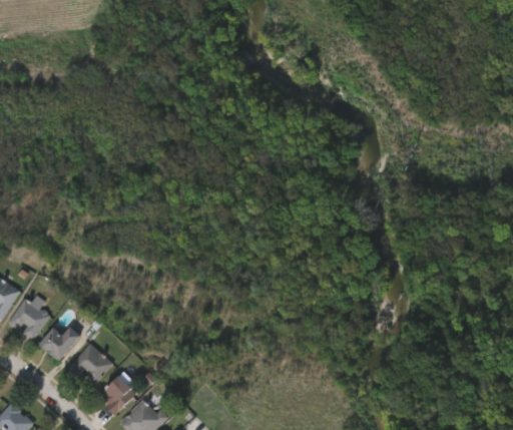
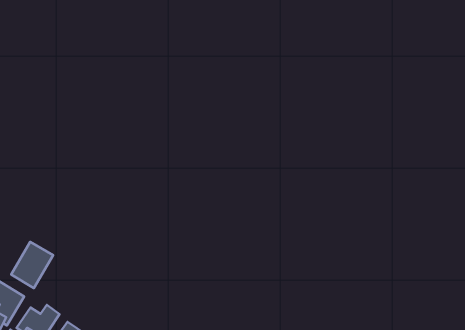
building: none -> [11,242,53,288]

